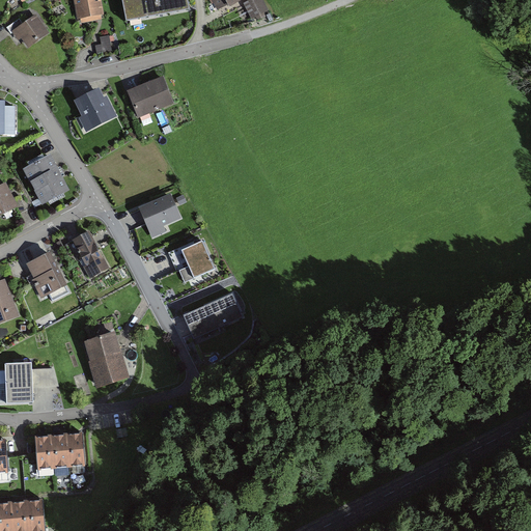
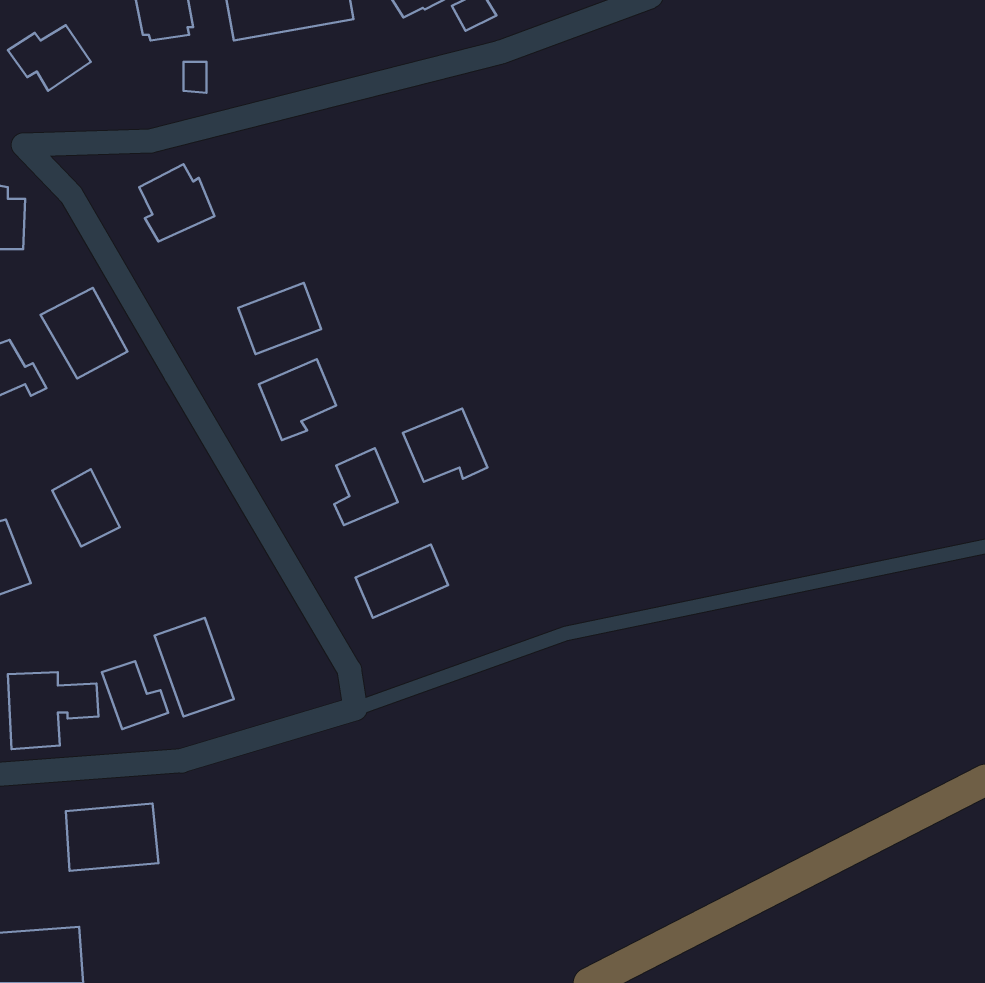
building: [128,78,172,116] -> [238,283,321,354]
building: none -> [403,409,488,482]
building: [64,230,108,277] -> none
building: none -> [102,661,168,729]

